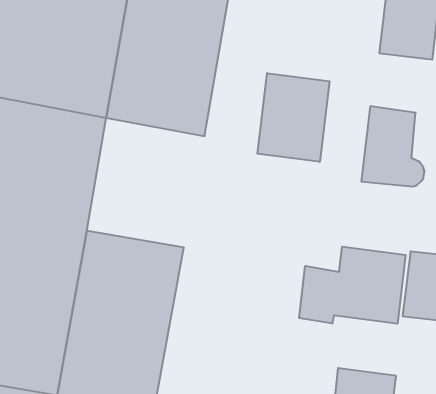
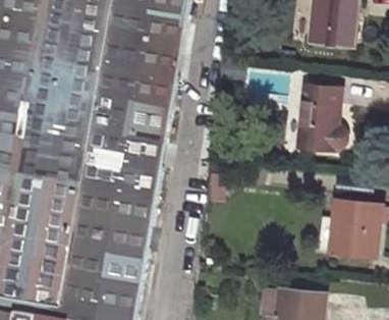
building: [257,73,329,162] -> none
building: none -> [77,96,170,198]
building: [299,247,406,324] -> none

